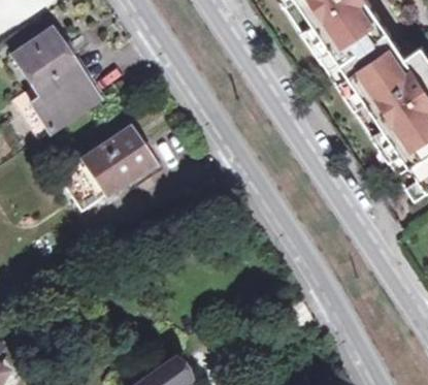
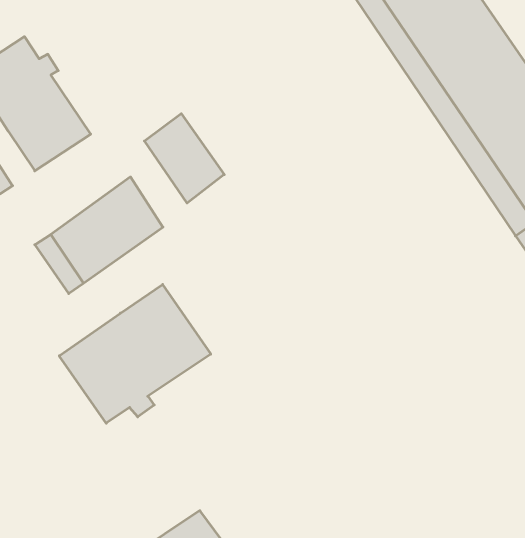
building: none -> [144,114,224,203]
building: none -> [59,284,211,423]

